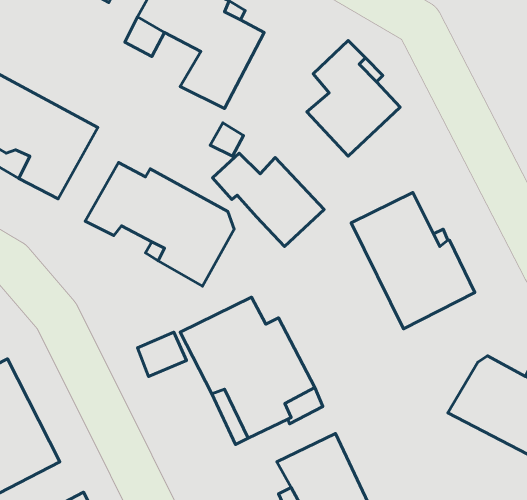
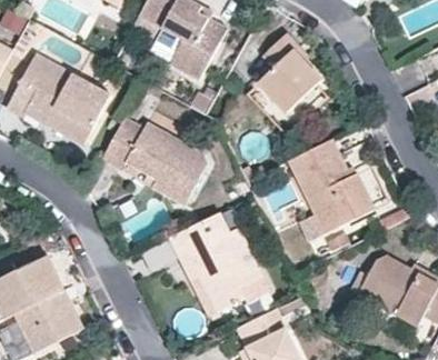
building: [212,153,324,247] -> none

